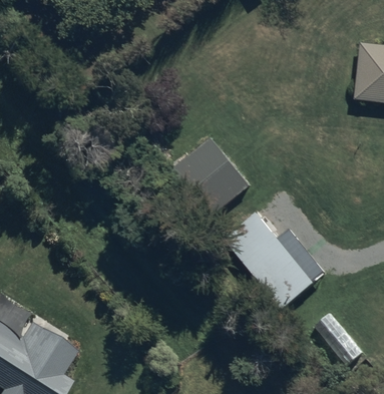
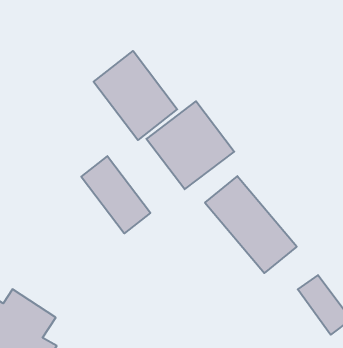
building: none -> [94,51,177,140]
building: none -> [81,156,150,233]

